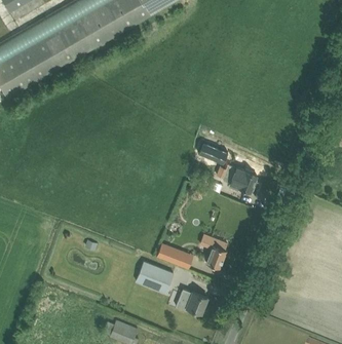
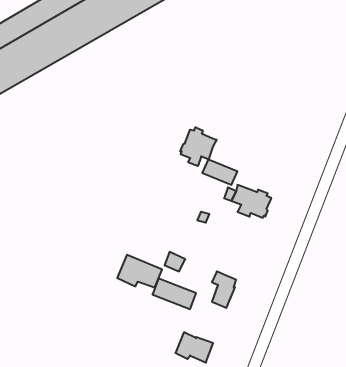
building: none -> [180,127,217,166]
building: [136,260,174,288] -> [117,255,162,288]

